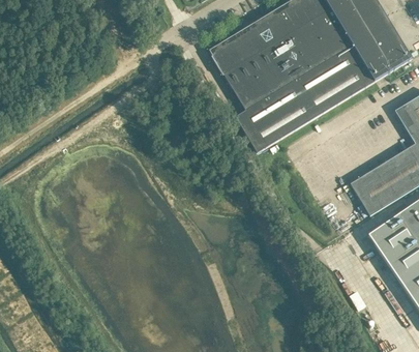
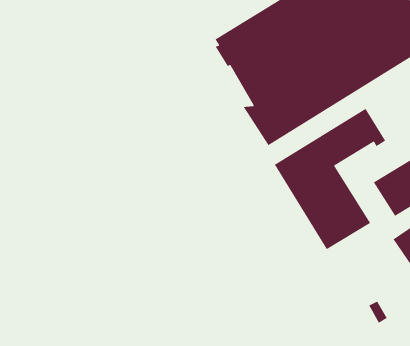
building: none -> [274,108,386,250]

